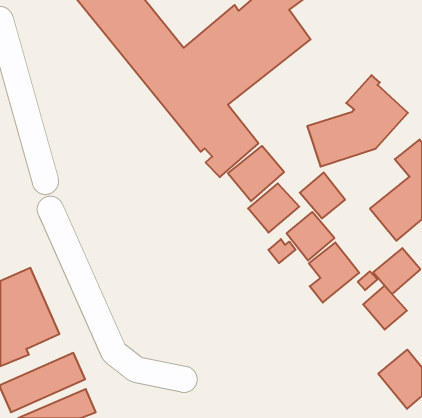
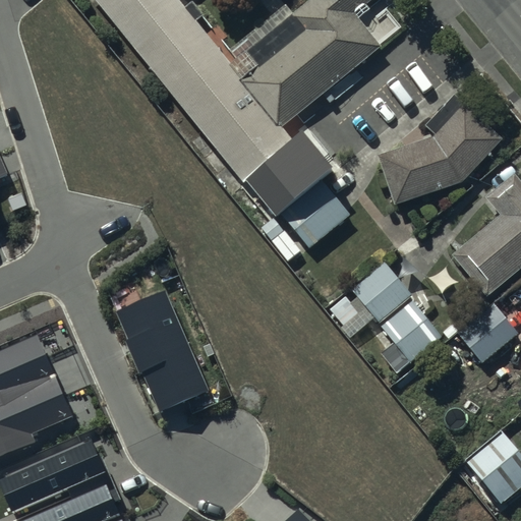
building: [300,172,345,218] -> none
building: [248,183,299,233] -> none
building: none -> [115,285,210,407]
building: [363,286,407,330] -> none

